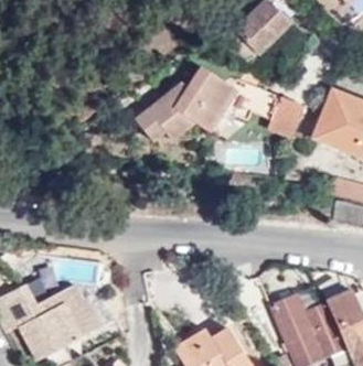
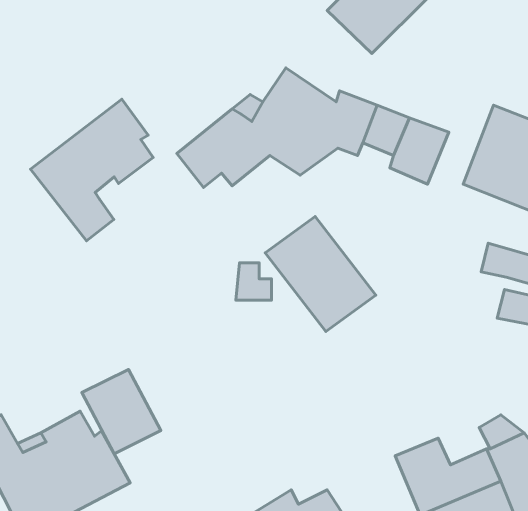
building: none -> [30,99,153,241]
building: none -> [265,216,376,332]
building: none -> [82,369,161,454]

